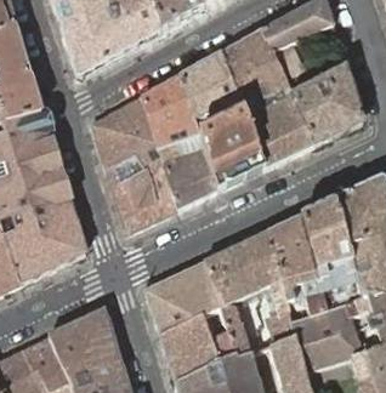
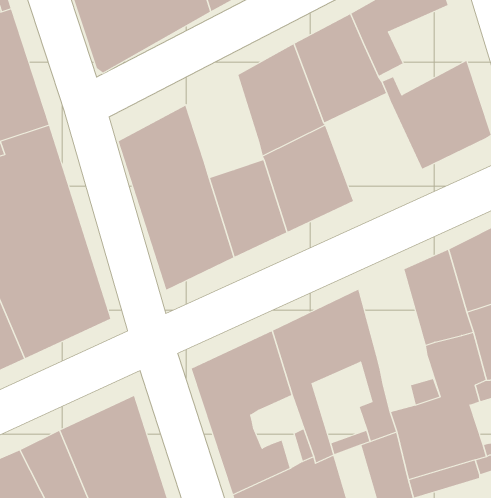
building: [142,74,199,149] -> none
building: [243,87,314,166] -> none
building: [268,216,318,301] -> none

